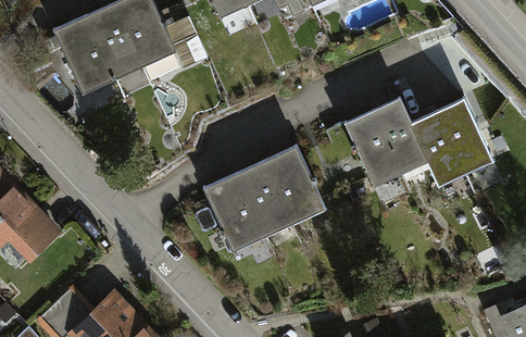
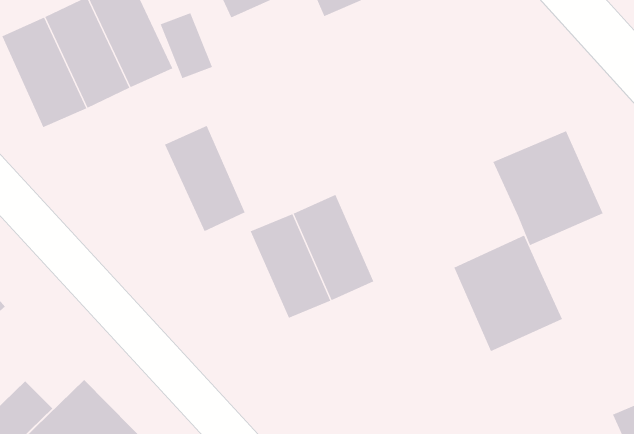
building: [350,103,430,189] -> [454,235,563,352]
building: [202,176,262,254] -> [164,125,246,232]

